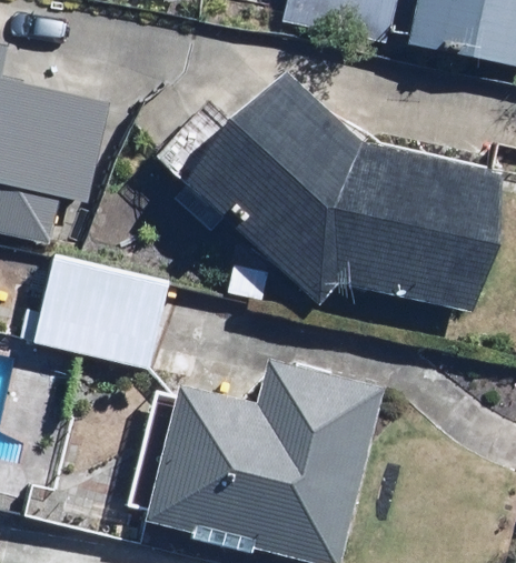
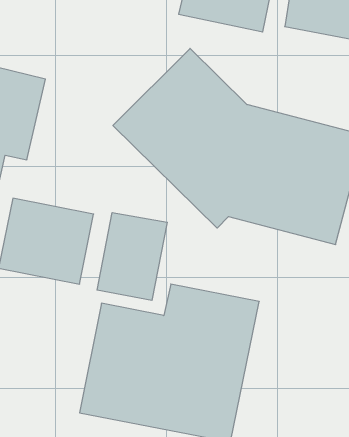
building: none -> [97,213,167,300]

